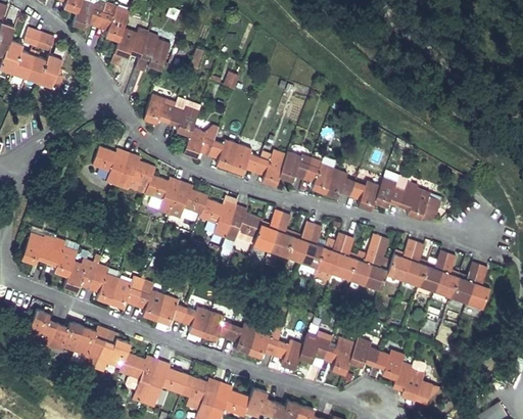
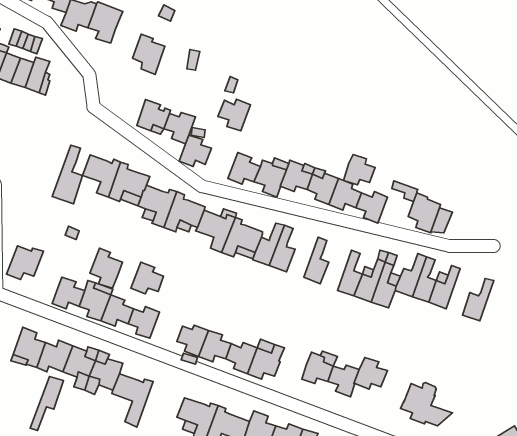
building: [114,29,148,58] -> none
building: none -> [52,145,83,204]
building: [208,139,239,169] -> [218,99,251,131]
building: [375,178,405,206] -> [344,154,375,185]
building: [285,222,315,262] -> none
building: [317,233,346,274] -> none
building: [47,237,78,275] -> [90,248,122,288]
building: [435,253,458,297] -> none
building: [467,265,490,309] -> none
building: [156,294,187,324] -> [131,262,163,294]
building: [274,339,303,369] -> none
building: [374,348,405,379] -> none
building: none -> [30,376,64,431]
building: [144,360,189,406] -> none

